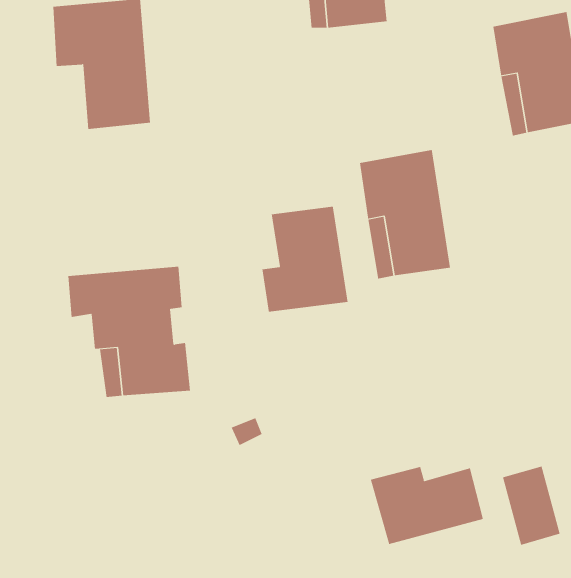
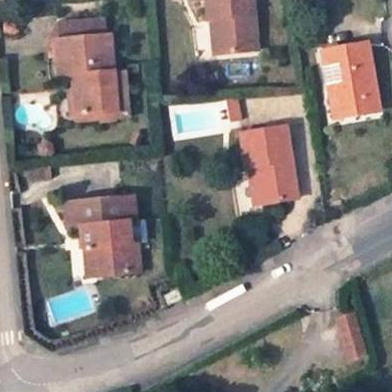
building: [262,206,348,313] -> none
building: [370,466,484,545] -> none

